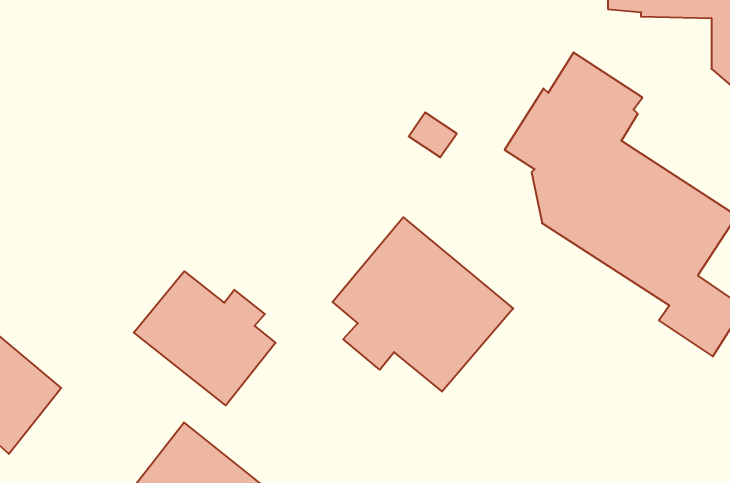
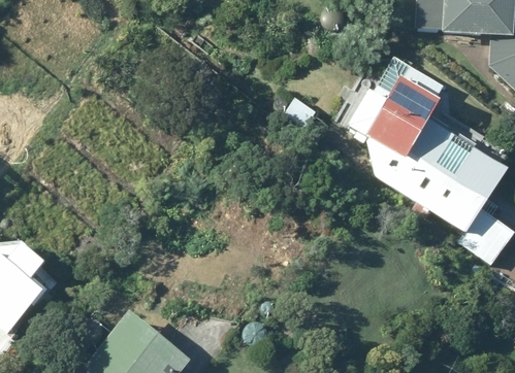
building: [333,217,513,392] -> none
building: [134,271,276,405] -> none

